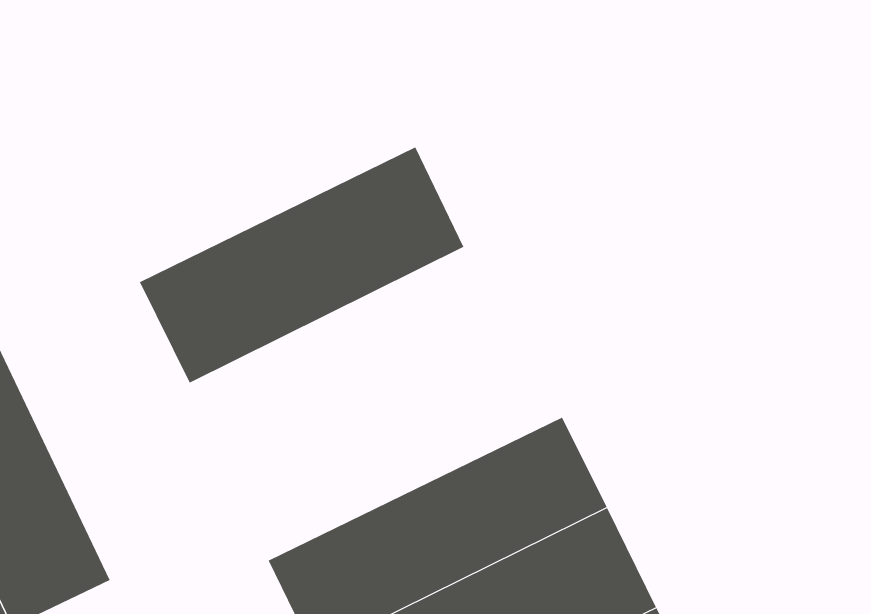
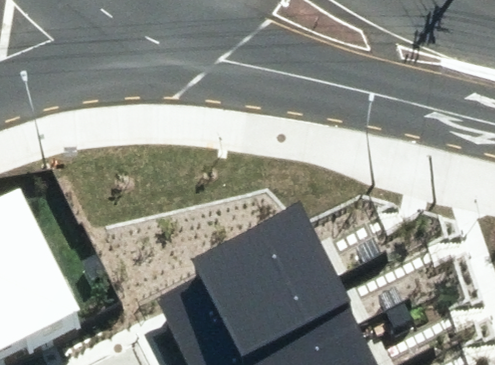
building: [139,146,464,384] -> none

